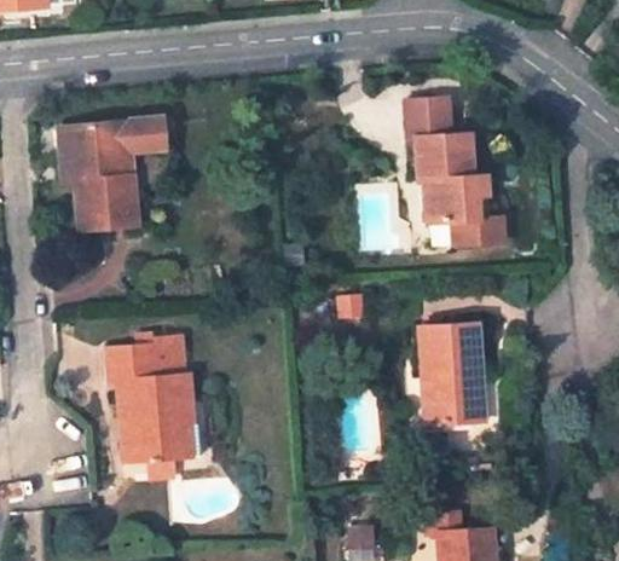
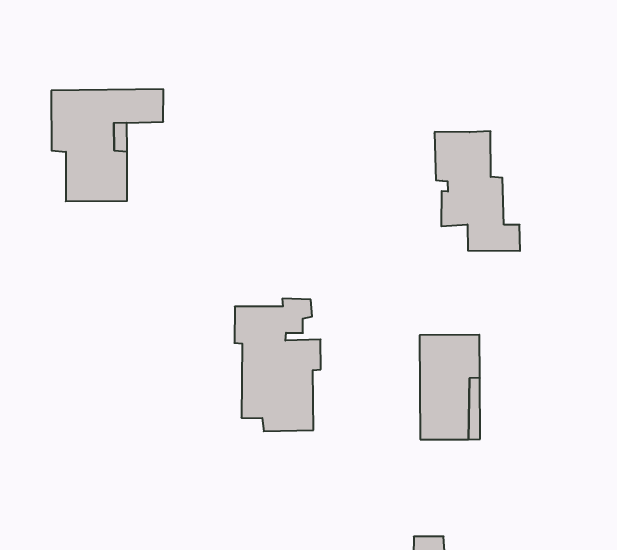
building: [407,97,450,139] -> none
building: [108,337,192,463] -> [234,299,321,431]

